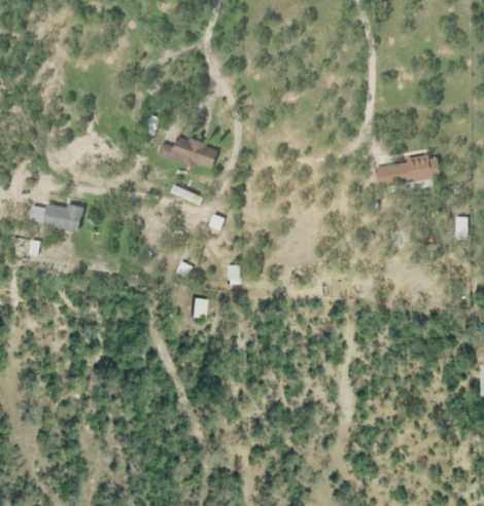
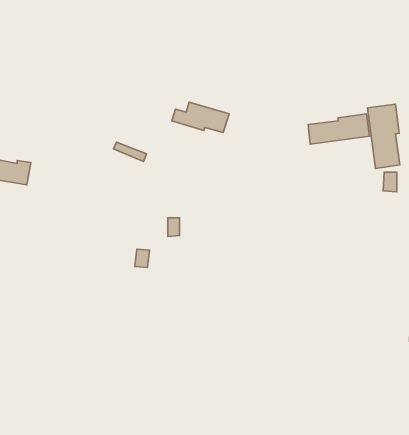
building: [157,136,217,168] -> [172,102,229,132]
building: none -> [367,104,400,169]

